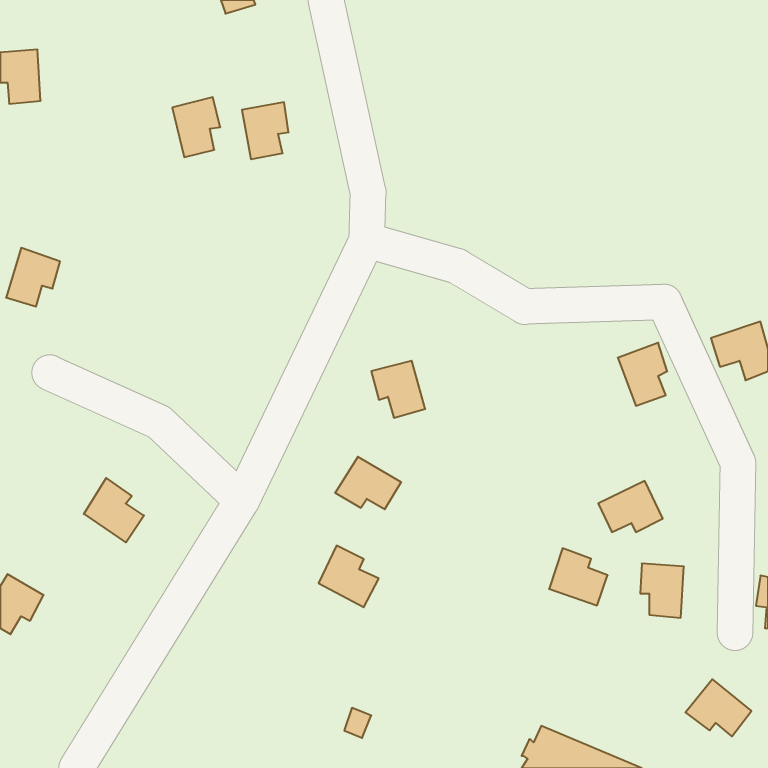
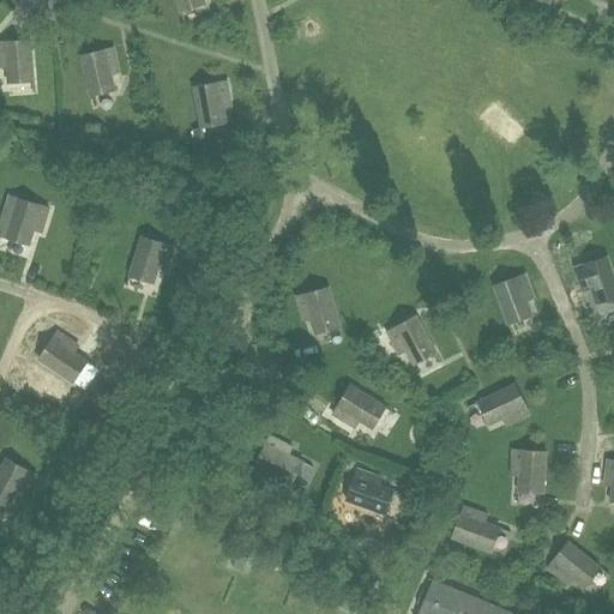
building: [172,97,220,157] -> [80,48,119,96]
building: none -> [128,236,173,283]
building: none -> [386,315,435,363]
building: [335,457,401,509] -> [332,386,385,428]
building: [84,478,144,542] -> [38,331,86,383]
building: [549,548,608,605] -> [452,506,499,552]
building: none -> [345,469,392,514]

